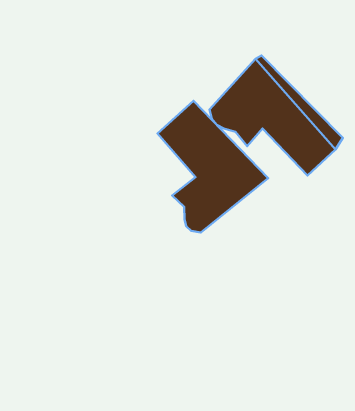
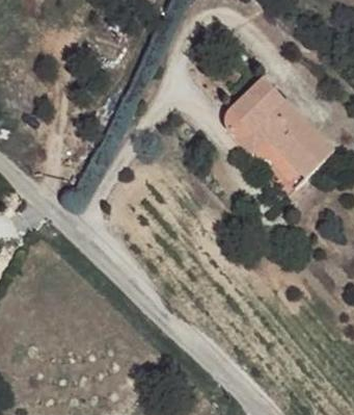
building: [157,101,268,232] -> none

